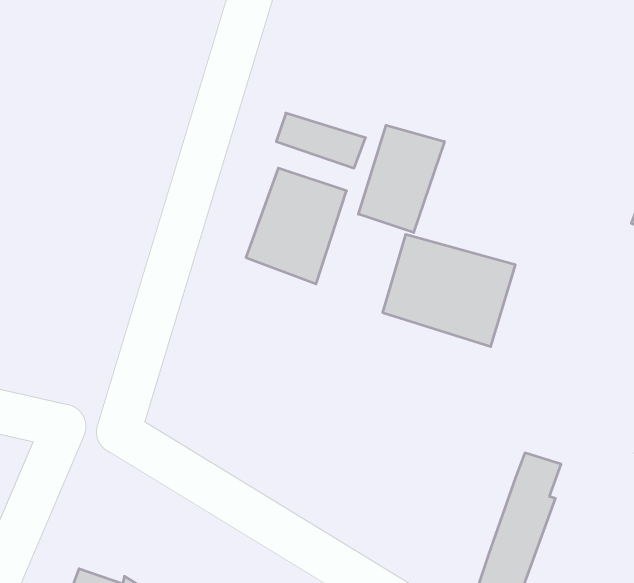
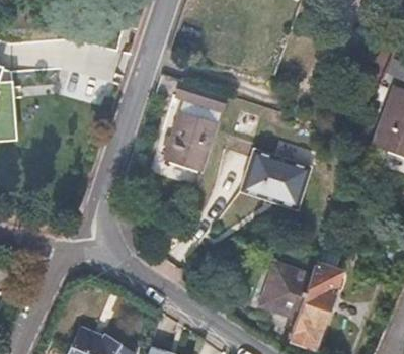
building: [358,125,444,233] -> none
building: none -> [263,266,310,319]

